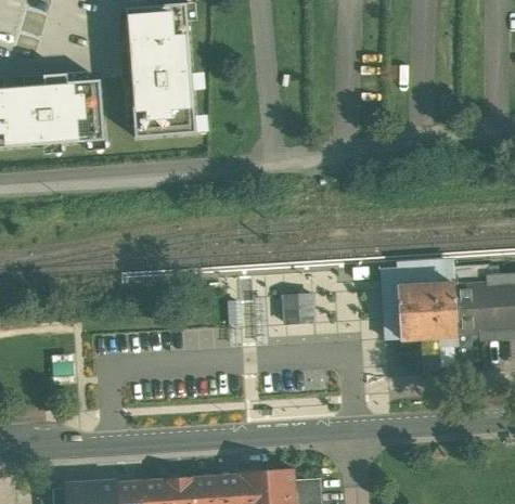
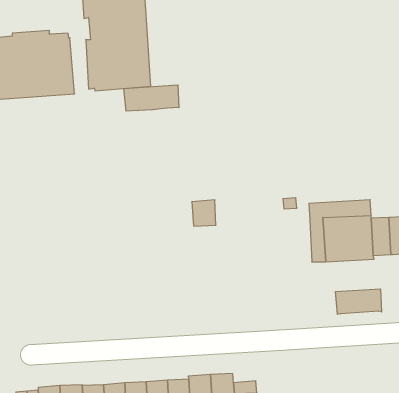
building: none -> [124,85,179,111]
building: [285,293,313,323] -> [192,200,216,226]
building: none -> [335,289,382,314]

